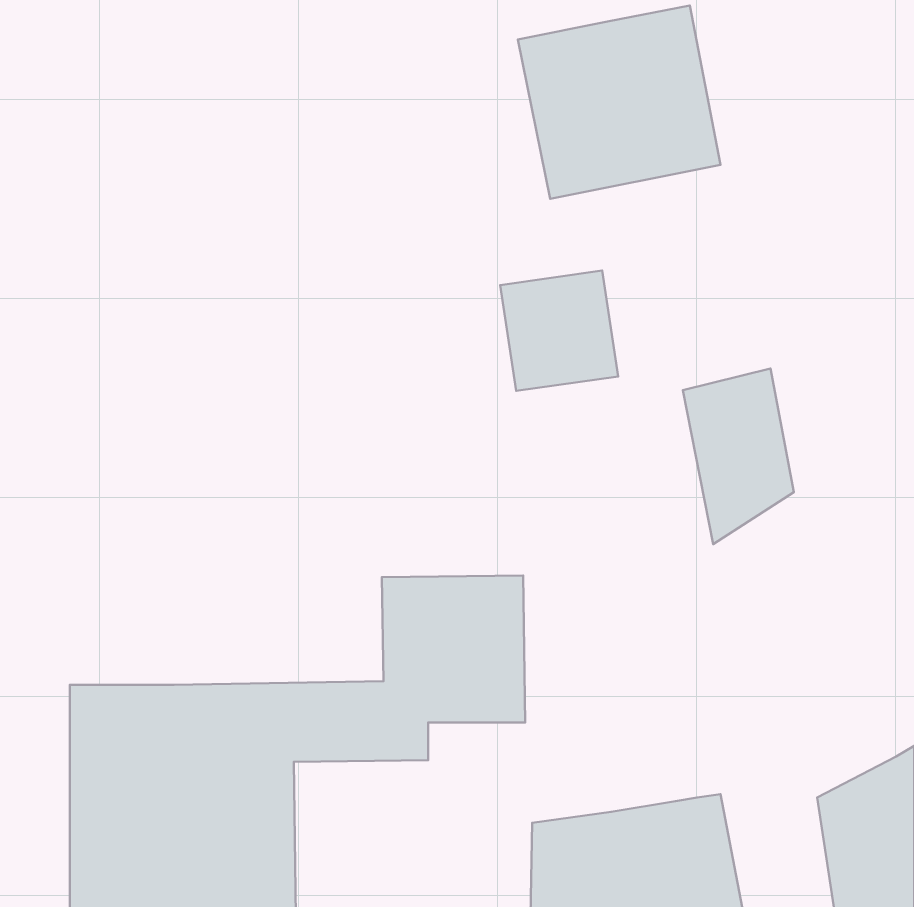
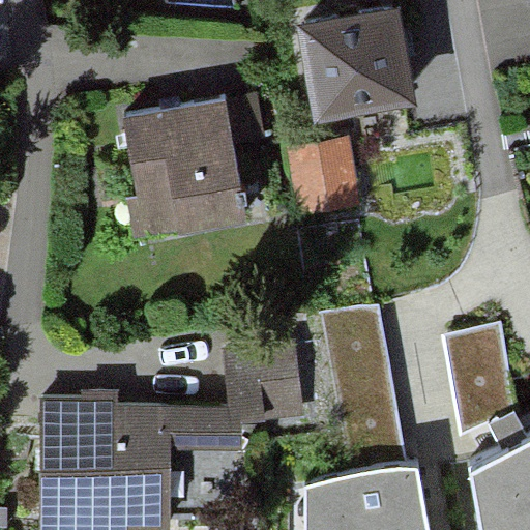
building: none -> [126,106,243,235]
building: [683,369,794,544] -> [448,327,512,429]
building: none -> [327,315,403,474]

